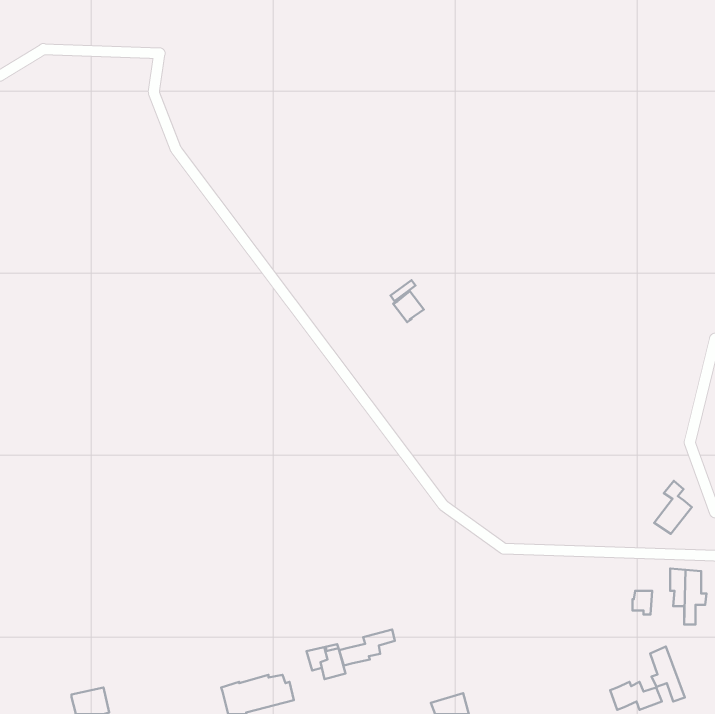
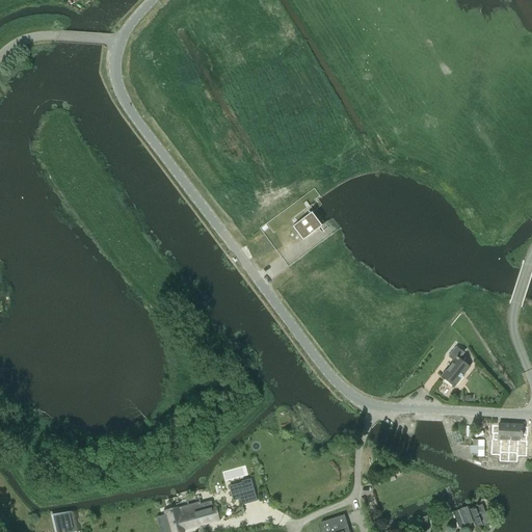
building: [654,481,692,534] -> [441,347,469,387]
building: [339,630,395,666] -> none
building: [650,647,685,702] -> none

